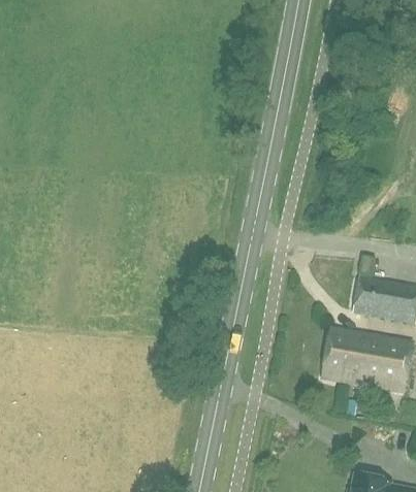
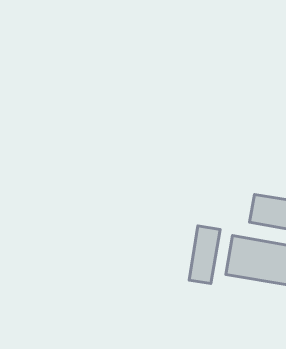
building: none -> [189,226,220,283]

